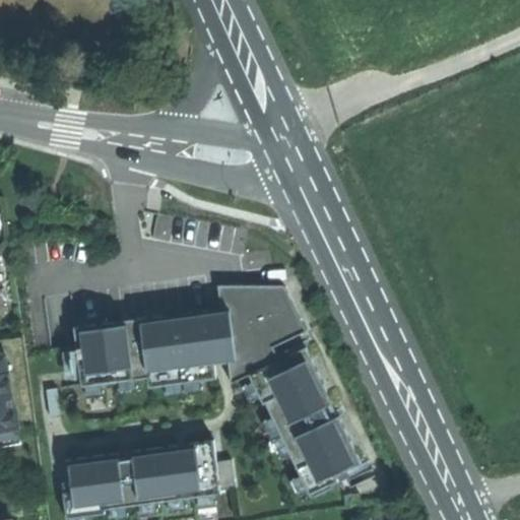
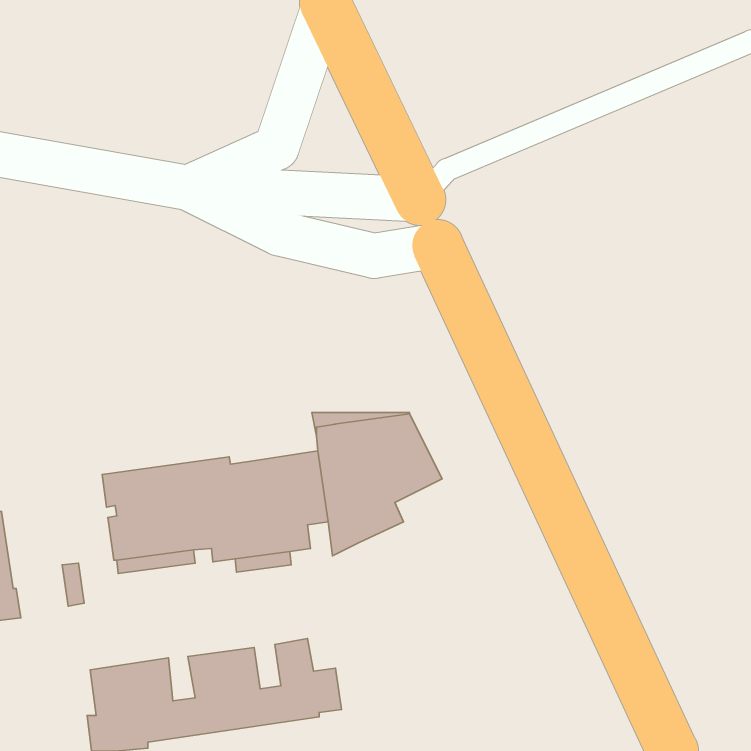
building: [247,345,361,494] -> none

